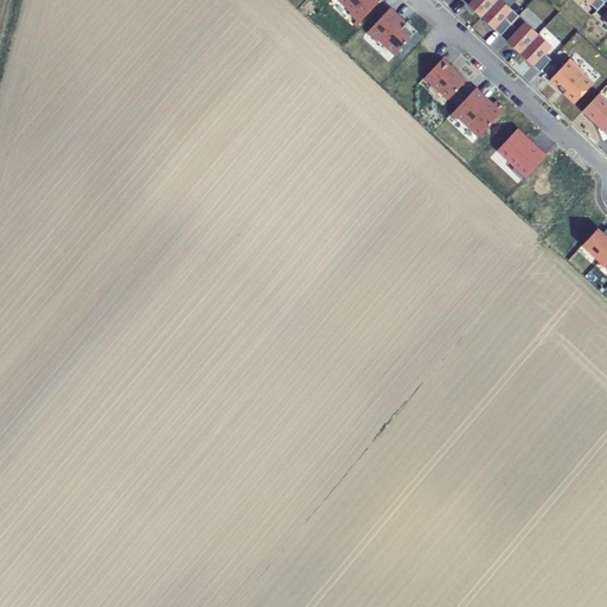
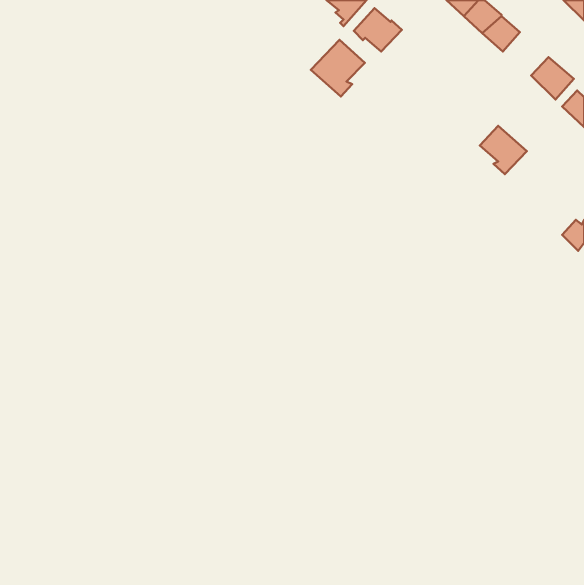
building: [520,33,551,71] -> none
building: none -> [311,40,365,96]
building: [423,59,465,98] -> none
building: [449,89,504,135] -> none

